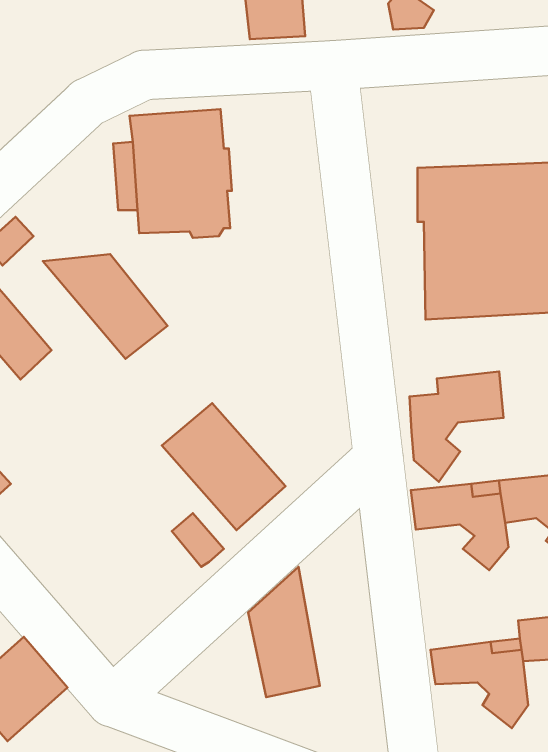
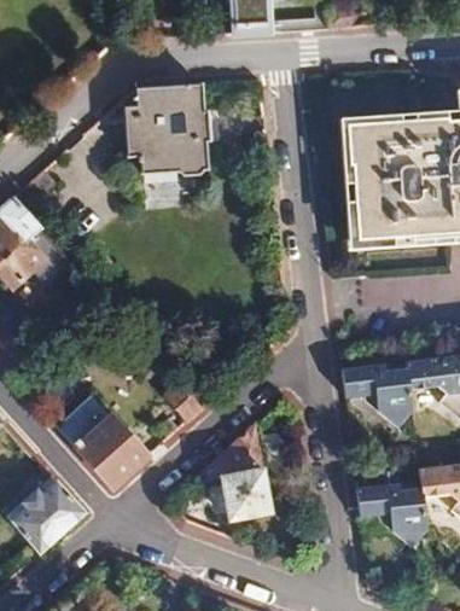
building: [43,254,167,359] -> none
building: [409,372,503,482] -> none
building: [162,403,285,530] -> [57,395,149,489]

